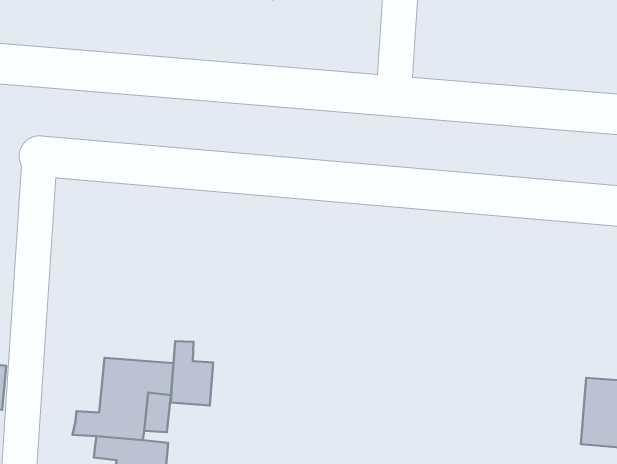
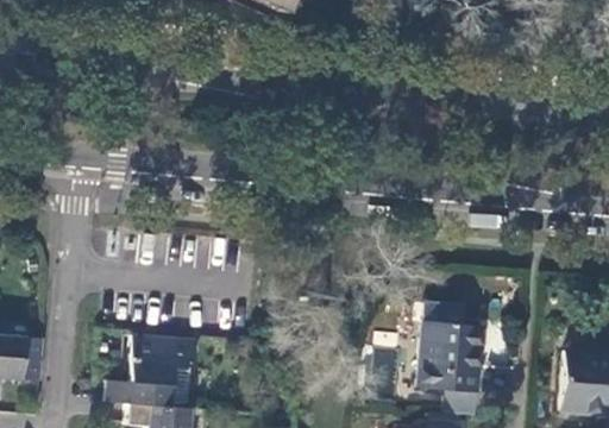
building: [171,341,213,405] -> none
building: none -> [417,321,484,391]

